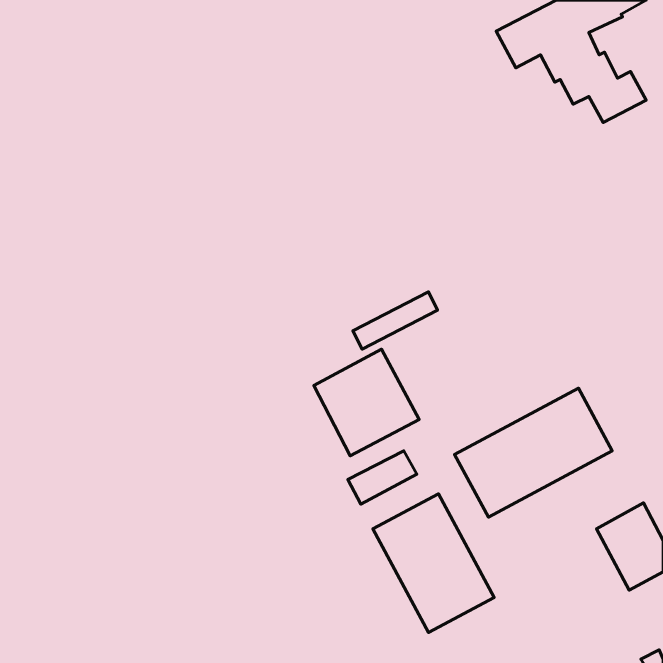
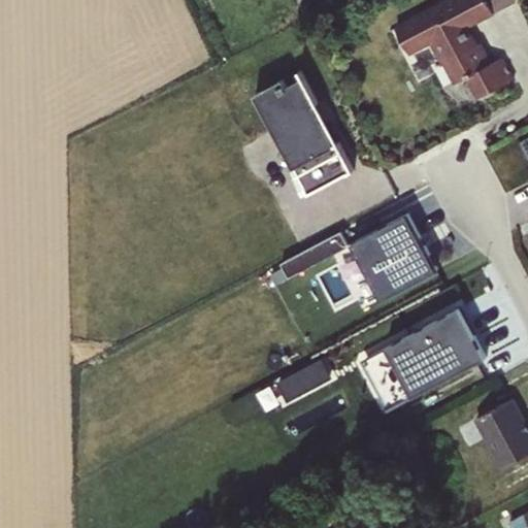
building: none -> [253,79,352,196]
building: [314,349,419,456] -> [352,216,435,300]
building: [373,494,494,633] -> none

